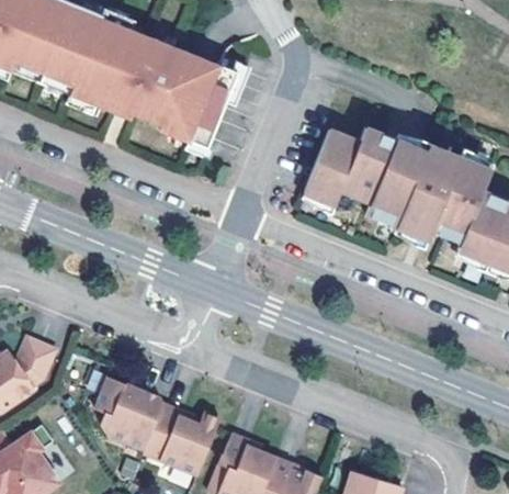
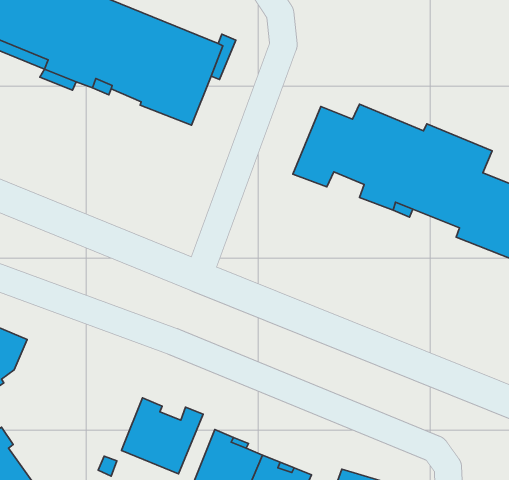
building: [92,378,161,449] -> none

